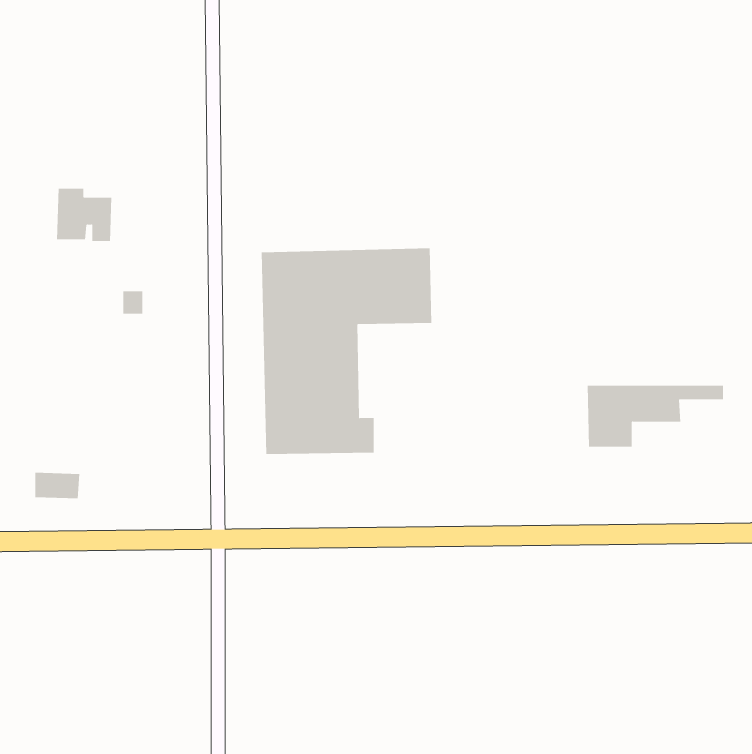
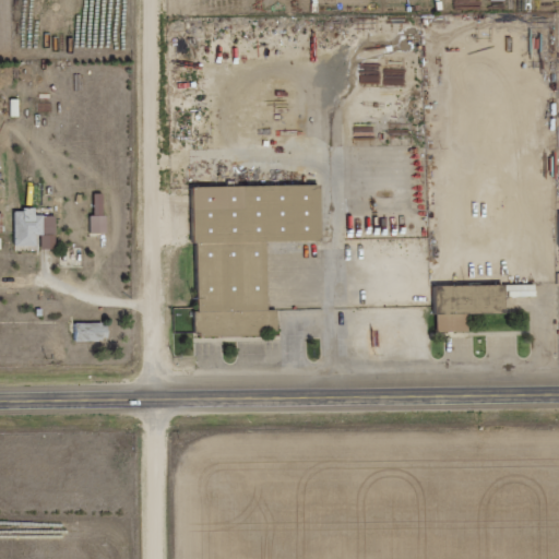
building: [56,188,112,241] -> [15,209,57,248]
building: [34,472,80,499] -> [76,322,110,342]

